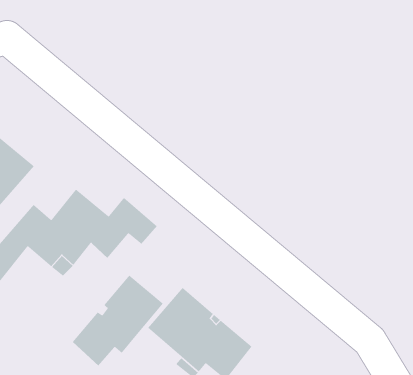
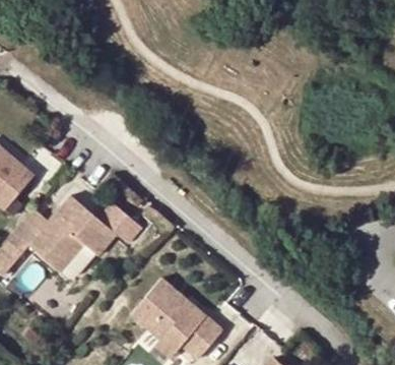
building: [72,274,164,367] -> none

